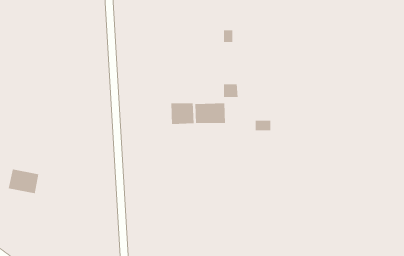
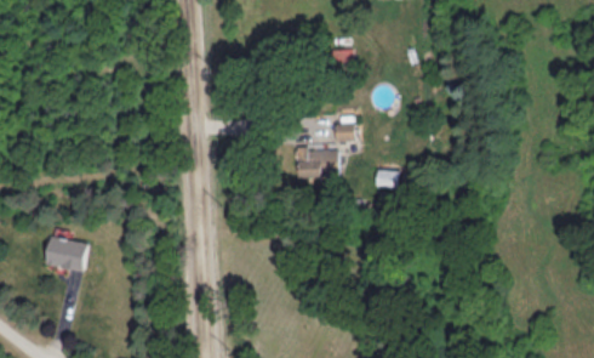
building: [171,102,194,125] -> none

